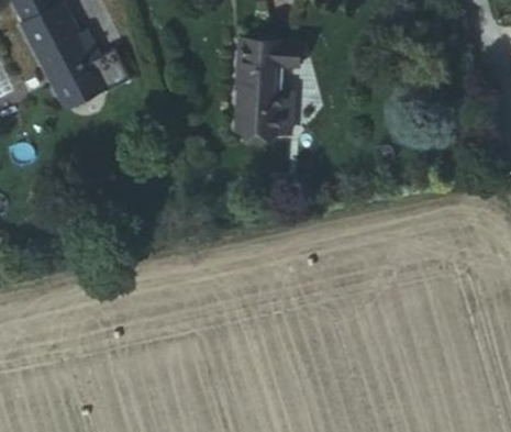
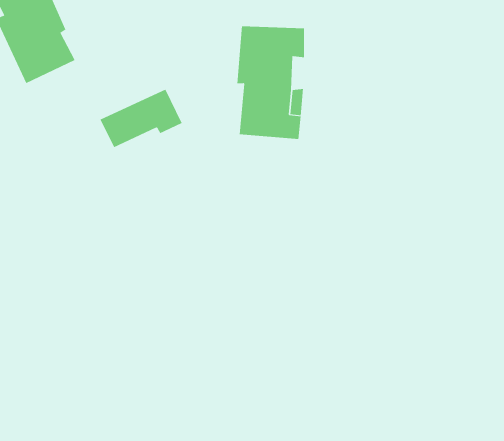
building: [45,58,122,113] -> [100,89,182,148]

